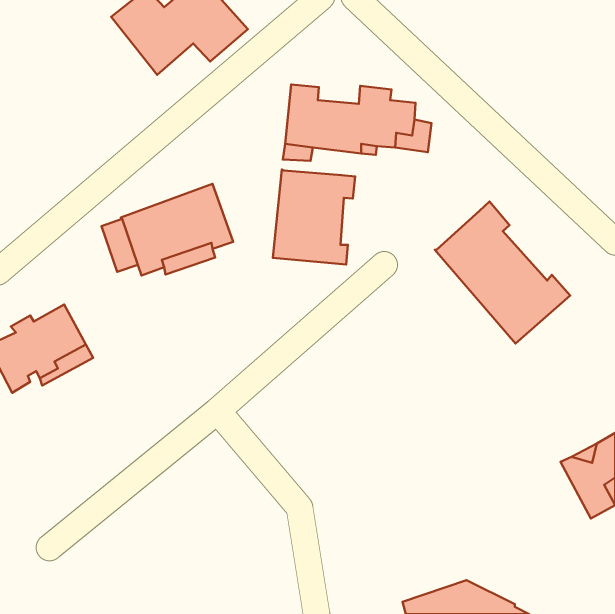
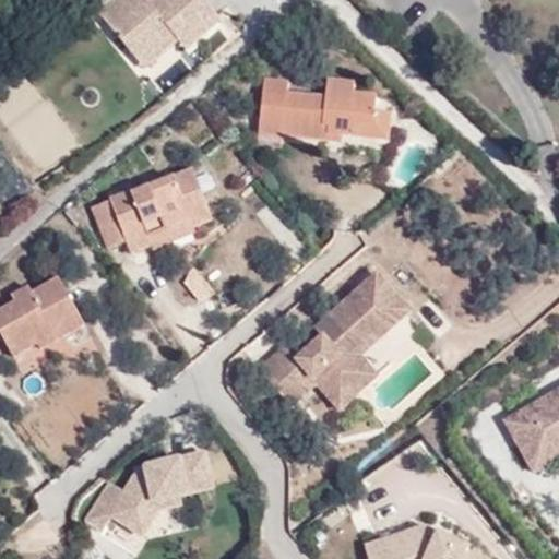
building: [273,170,355,265] -> none
building: [435,202,570,344] -> none
building: none -> [257,273,409,409]
building: none -> [82,448,214,531]

